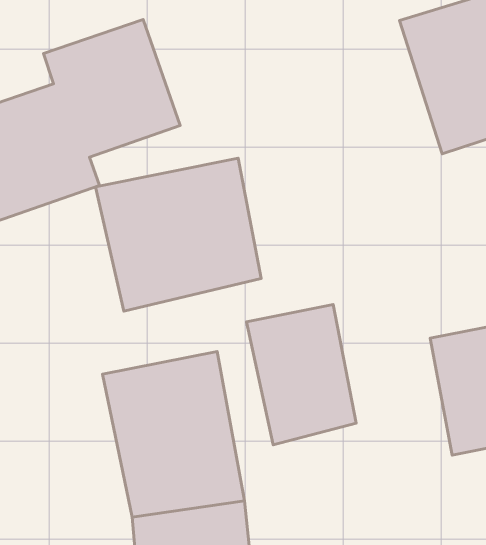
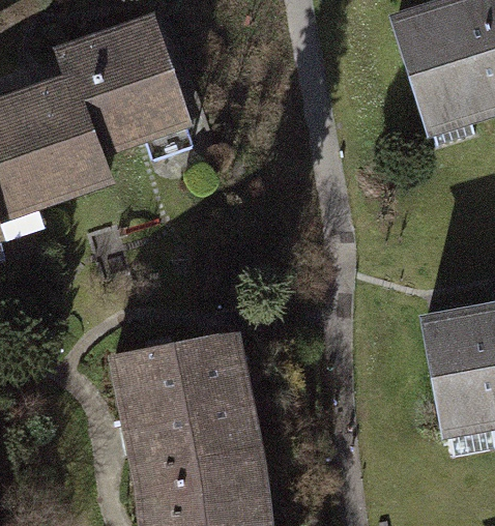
building: [96,158,261,311] -> none
building: [246,305,356,445] -> none

